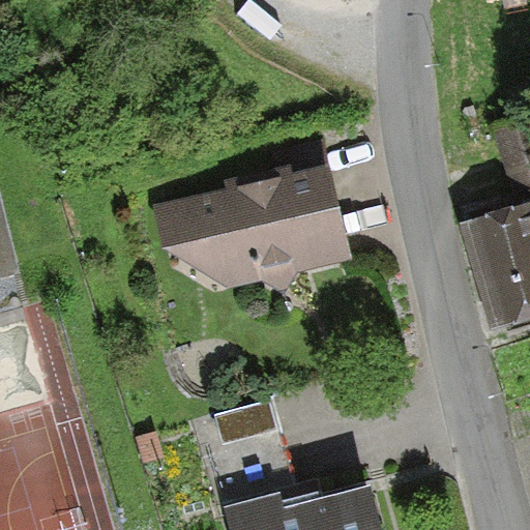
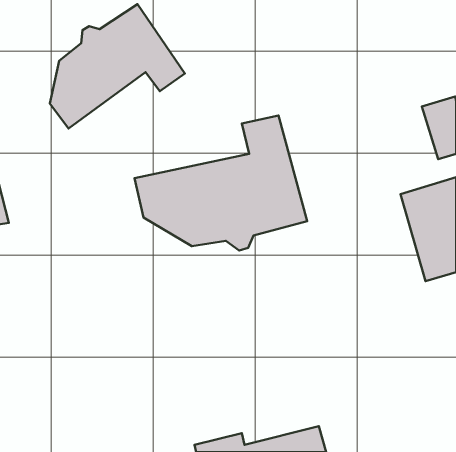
building: none -> [50,4,185,128]

